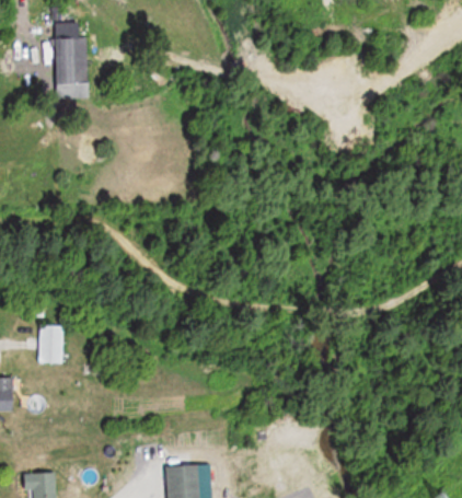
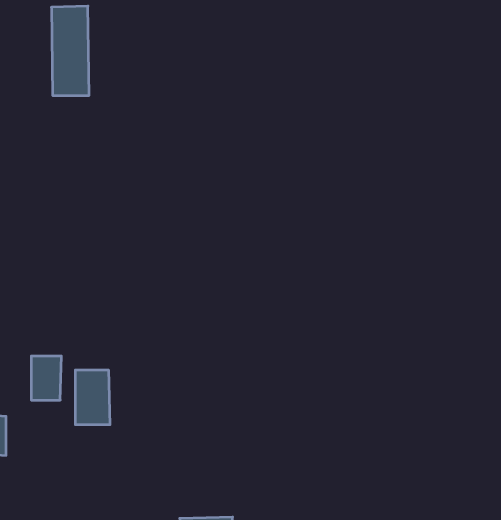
building: none -> [75,370,110,425]

